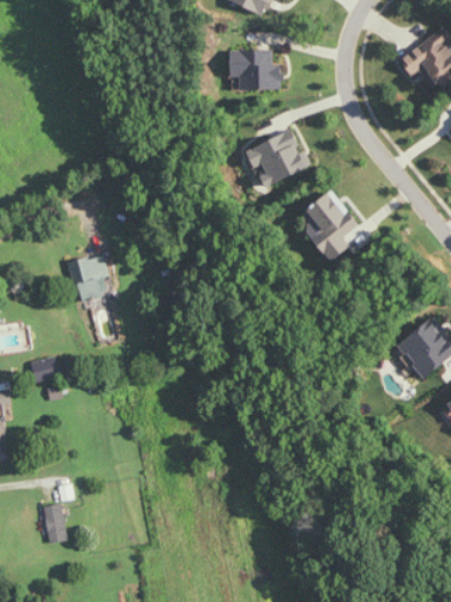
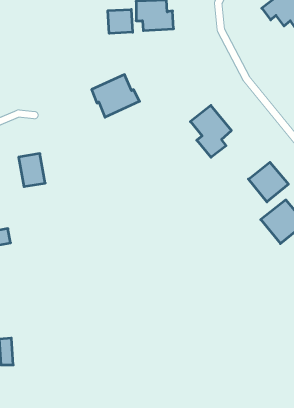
building: none -> [108,9,133,33]
building: [246,130,311,187] -> [92,75,140,117]
building: none -> [248,162,288,202]

